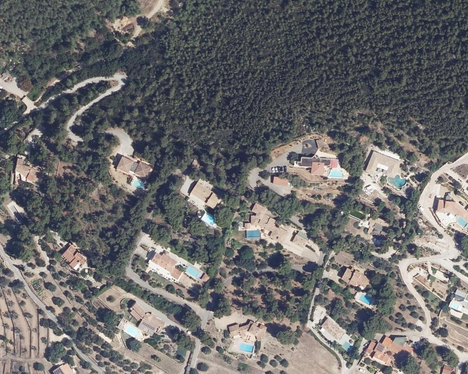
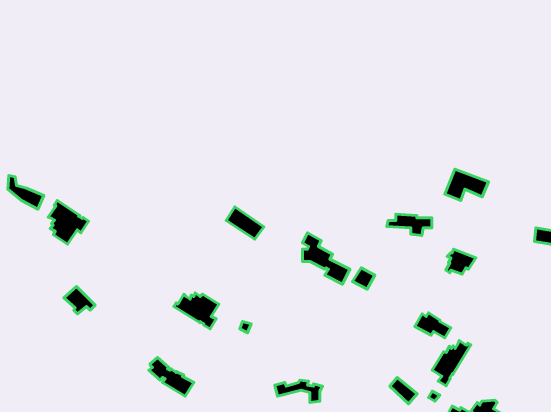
building: [294,155,330,172] -> [387,214,432,235]
building: [117,156,151,179] -> none
building: none -> [48,201,89,244]
building: none -> [432,340,471,386]

